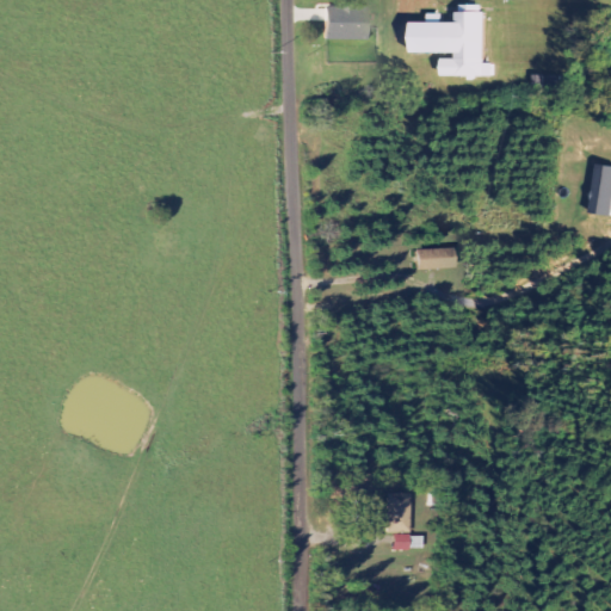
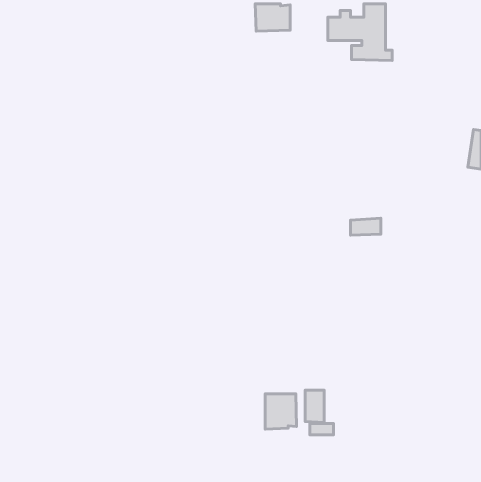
building: [414,248,452,270] -> [350,218,381,235]
building: none -> [265,394,297,429]

